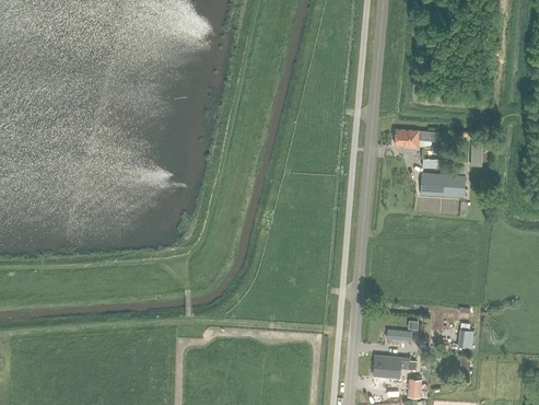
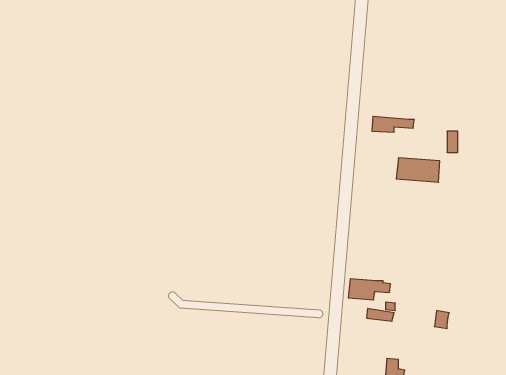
building: [373,356,417,378] -> [348,279,391,300]

